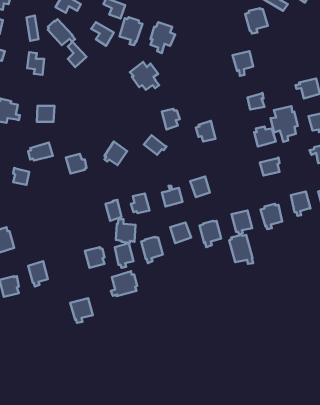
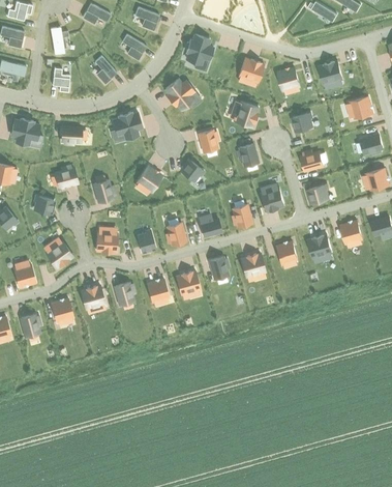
building: [245,8,268,34] -> [318,60,342,88]
building: [119,17,143,45] -> none
building: [48,19,75,45] -> none
building: none -> [238,58,263,83]
building: none -> [232,101,257,126]
building: none -> [110,111,142,139]
building: [270,106,298,142] -> none
building: none -> [261,183,283,211]
building: none -> [44,238,73,268]
building: [116,219,136,243] -> [96,227,118,253]
building: [229,235,253,264] -> none
building: [111,271,137,296] -> none
building: [70,298,93,323] -> [81,286,105,313]

